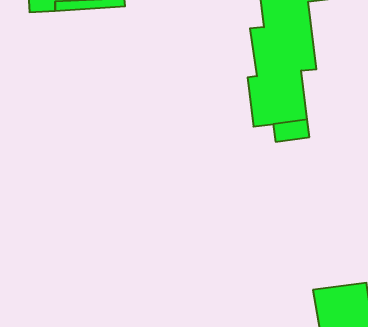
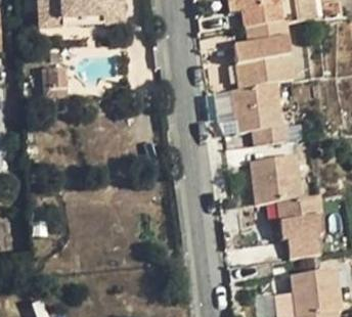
building: none -> [250,154,323,258]

